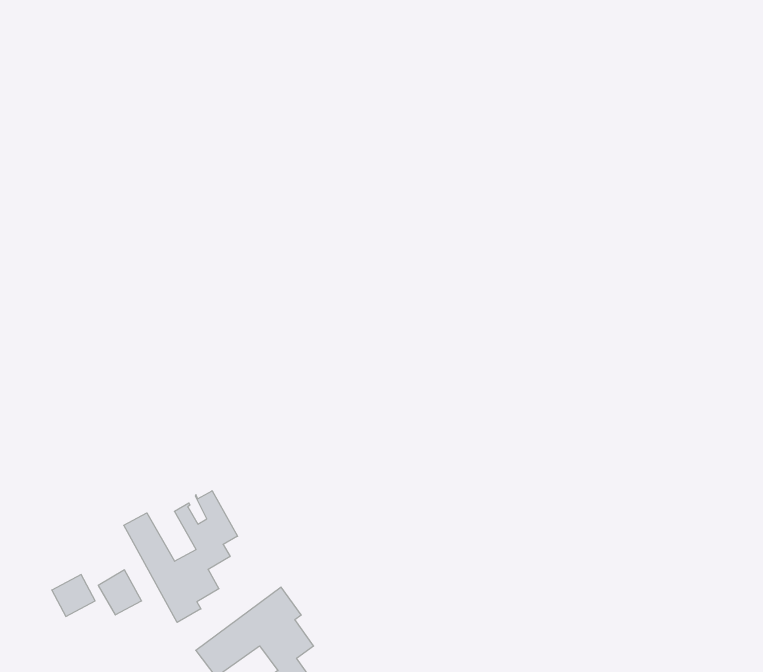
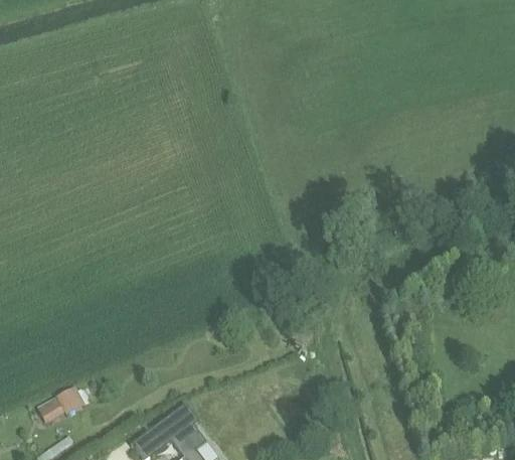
building: [124,491,238,622] -> none

